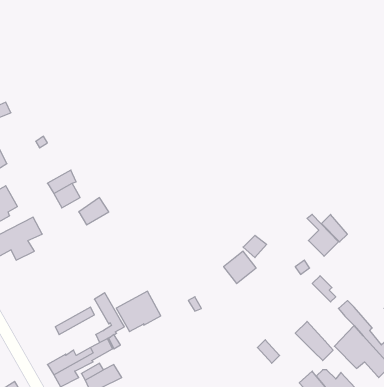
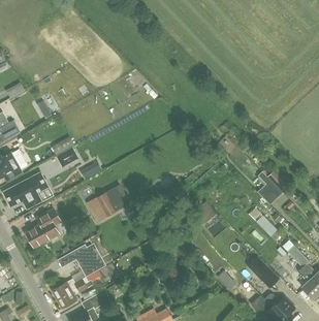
building: none -> [26,210,60,247]
building: [116,291,161,332] -> [95,185,130,217]

